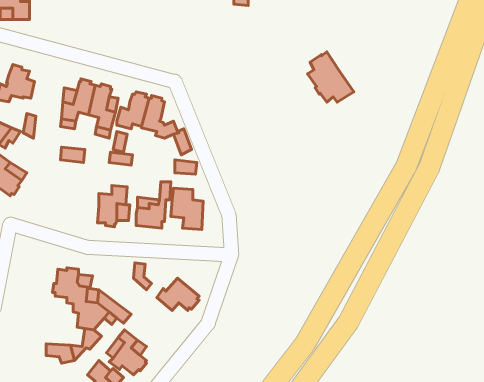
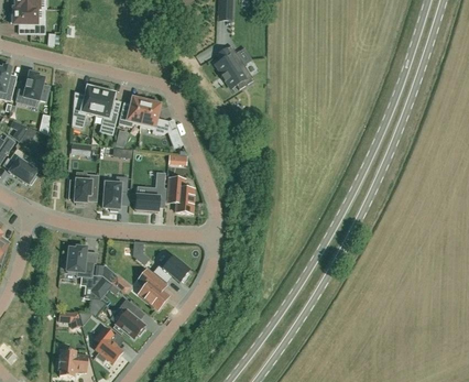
building: [307,52,354,102] -> [215,43,254,86]
building: none -> [68,173,99,204]
building: none -> [138,269,167,308]

